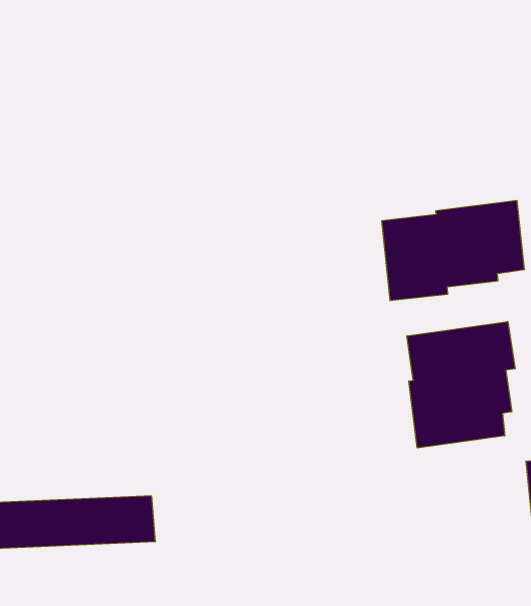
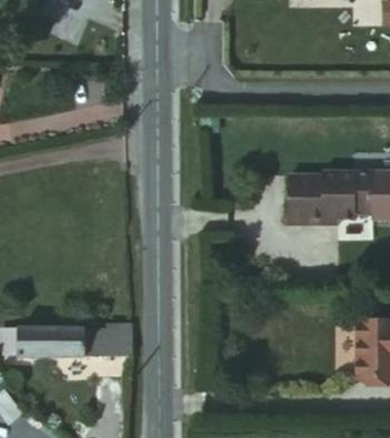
building: [407,321,515,448] -> none

